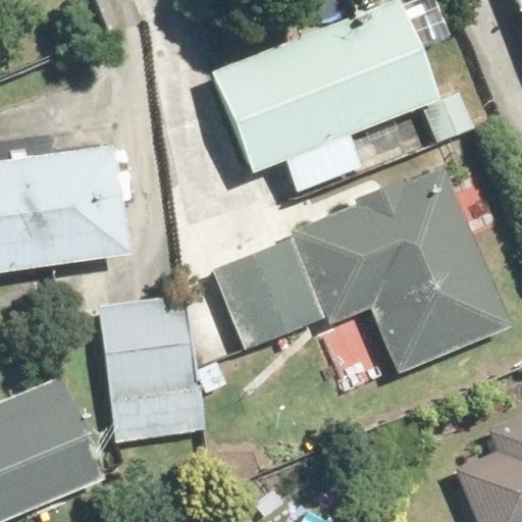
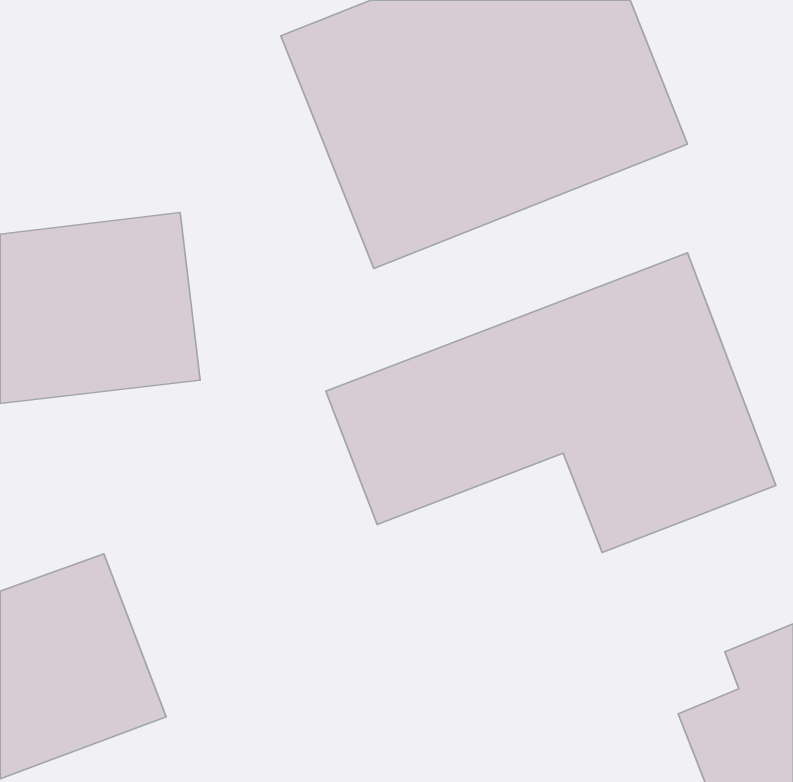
building: [102,303,202,453] -> none

